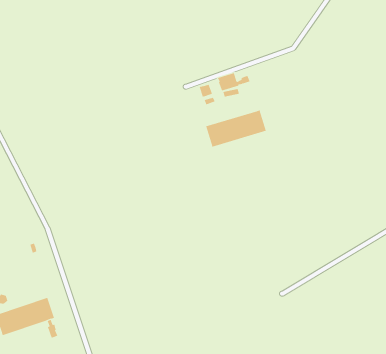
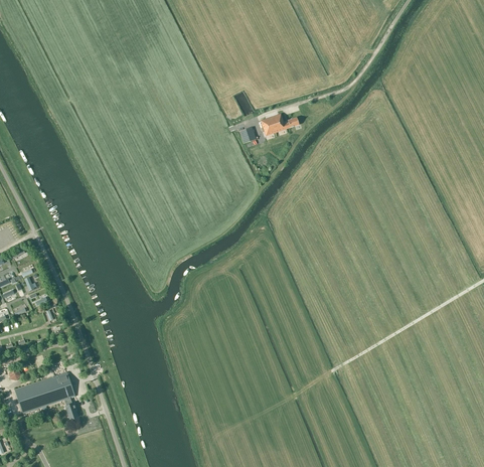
building: [206,110,266,148] -> none

